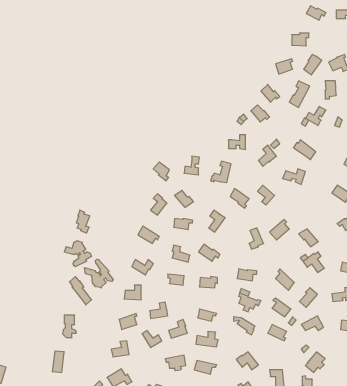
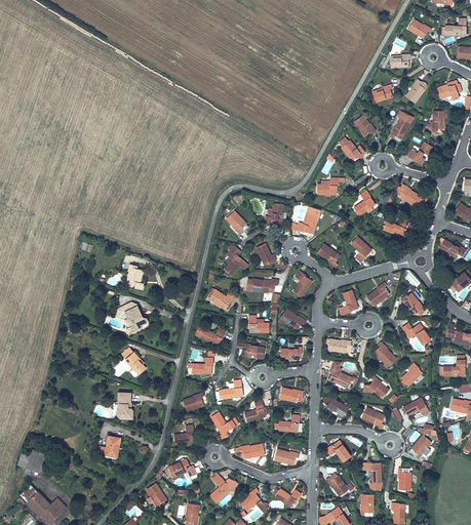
building: [85,259,113,288] -> none

